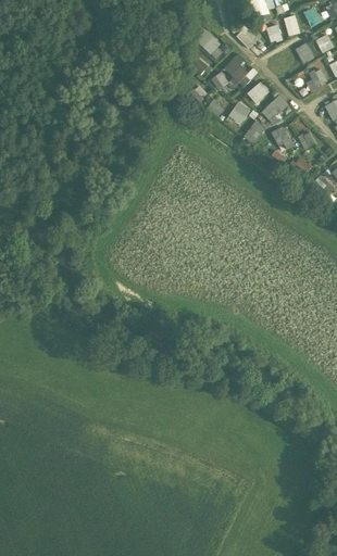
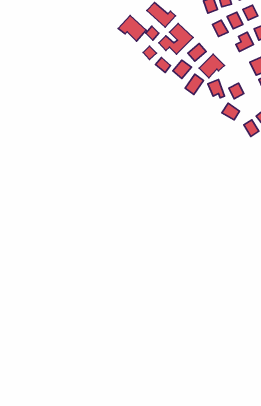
building: none -> [118,15,146,41]

